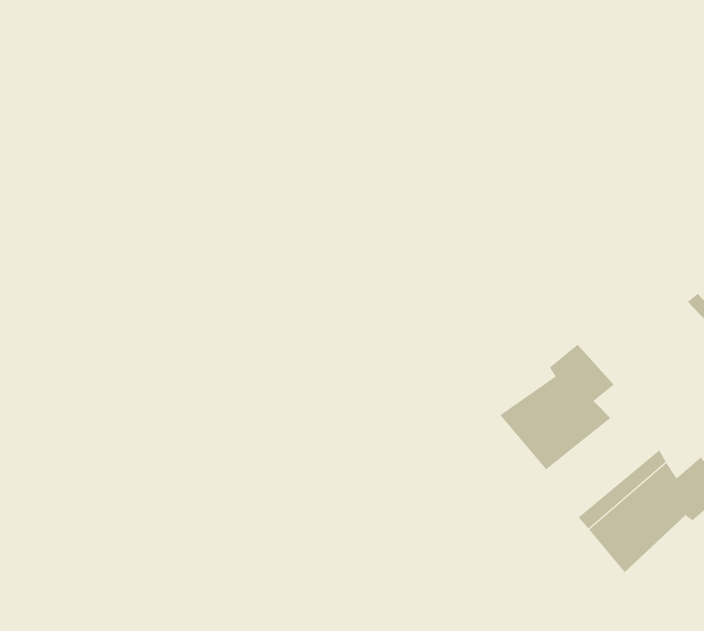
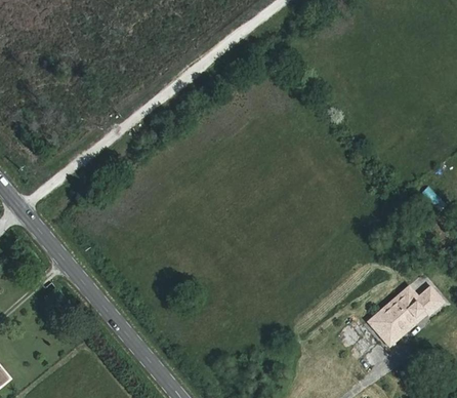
building: [500,344,614,470] -> none

